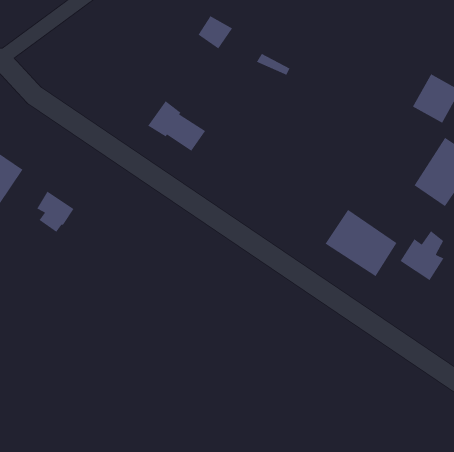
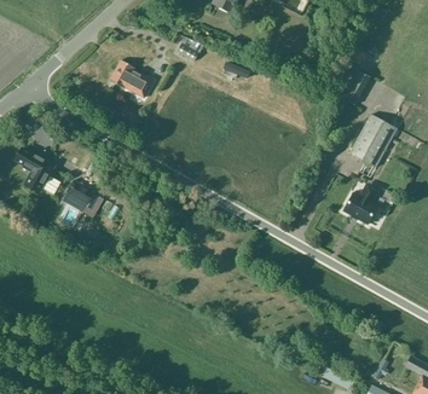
building: [147,100,206,152] -> [109,60,154,98]
building: [324,209,398,277] -> none

